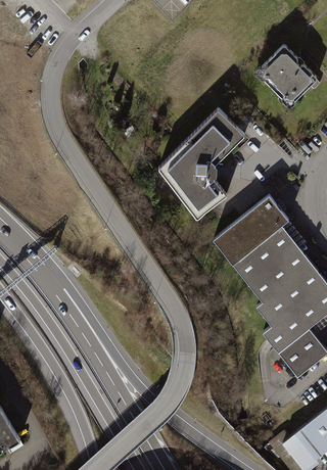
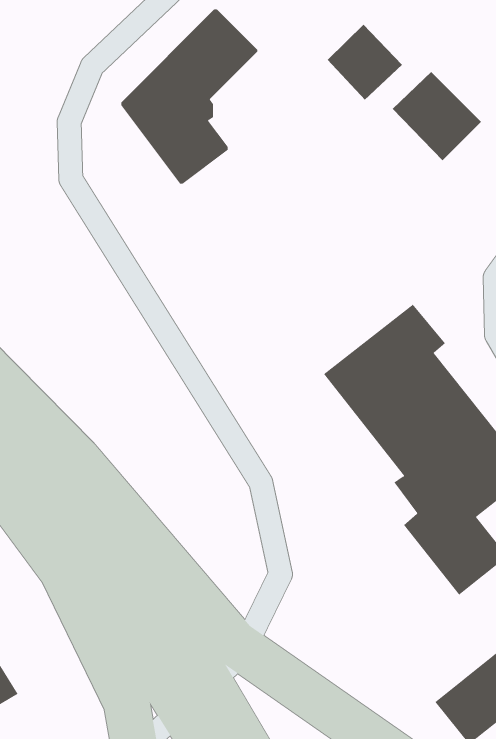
building: none -> [327,24,403,101]
building: [159,110,245,220] -> [120,9,258,184]

